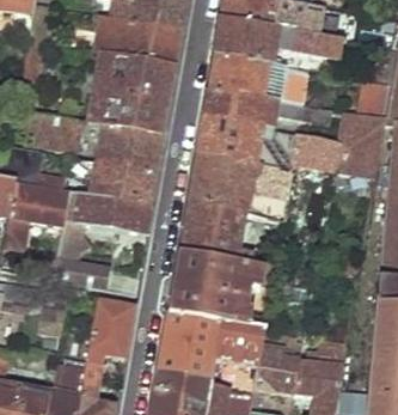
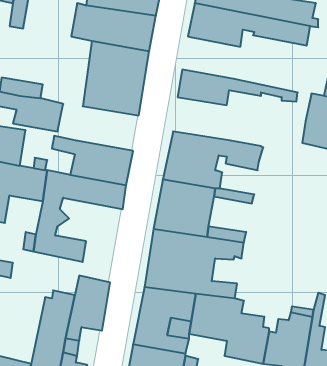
building: [208,54,308,98] -> none
building: [198,117,337,170] -> none
building: [97,127,163,173] -> none

